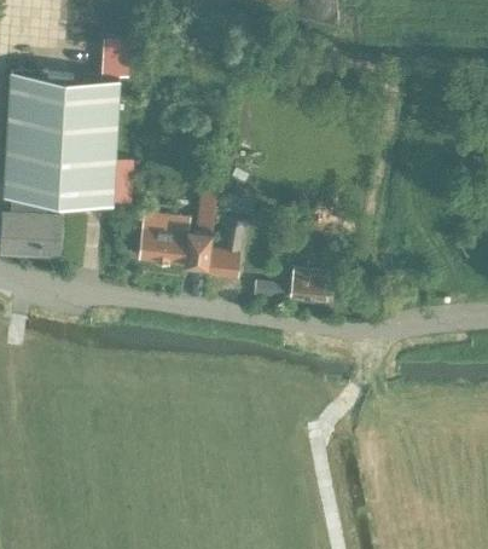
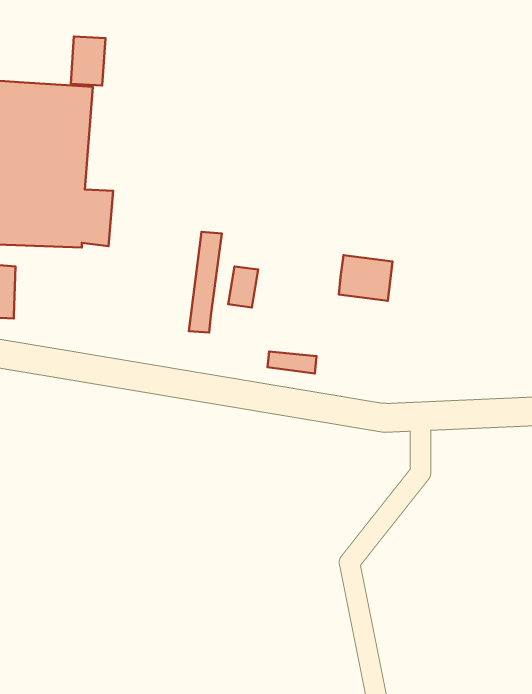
building: [139,215,188,265] -> none
building: [209,249,240,277] -> none
building: [289,268,330,304] -> [339,255,392,301]

